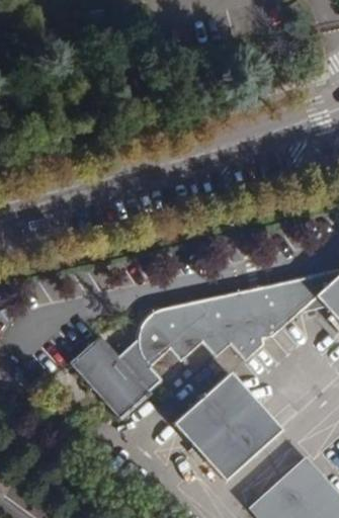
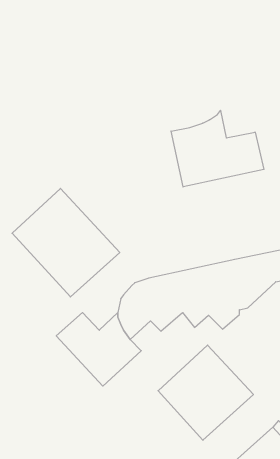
building: none -> [171,110,264,187]
building: none -> [12,188,120,297]

